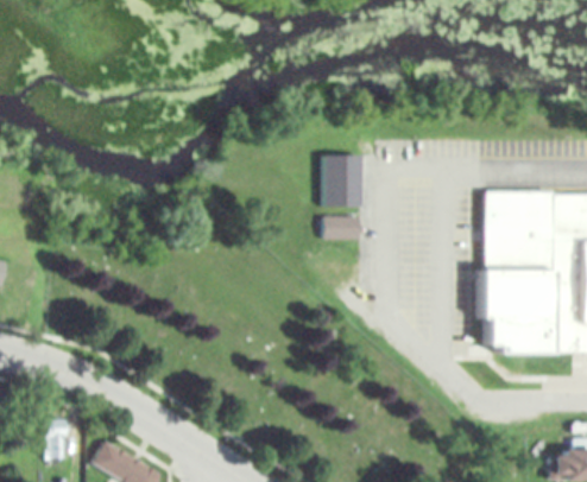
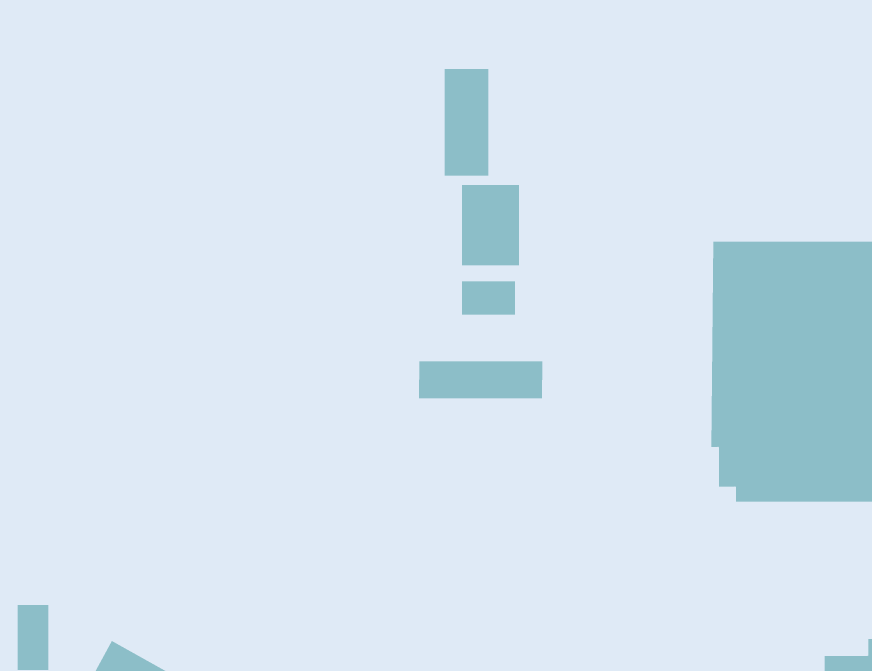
building: none -> [444,68,489,177]
building: none -> [418,361,543,399]

